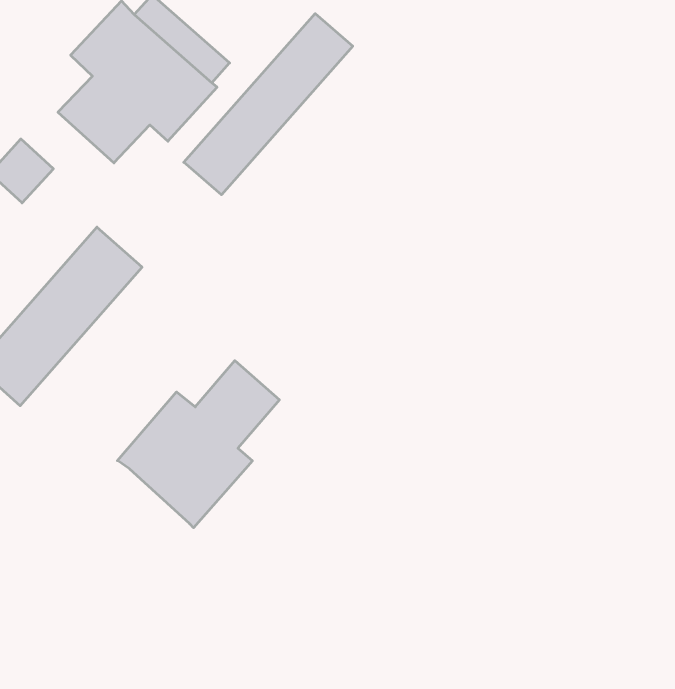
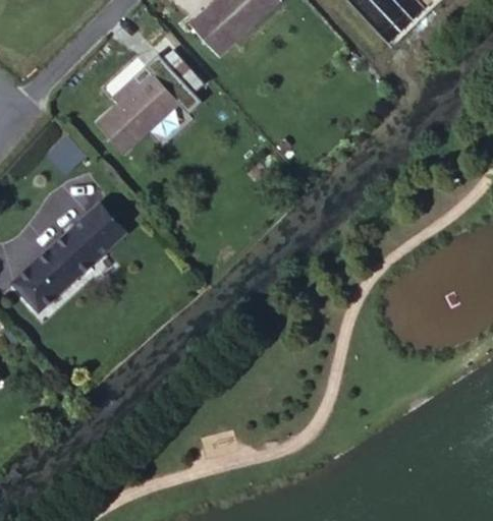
building: [184,14,353,195] -> none
building: [117,361,279,528] -> none

